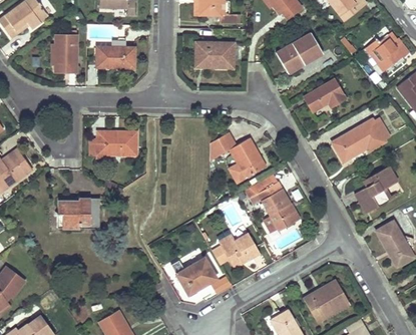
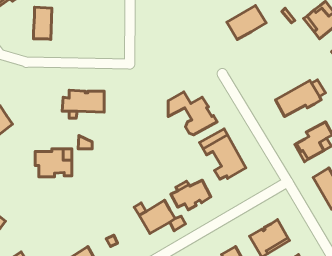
building: [97,38,135,68] -> none
building: [196,41,235,67] -> none
building: [305,78,346,110] -> none

